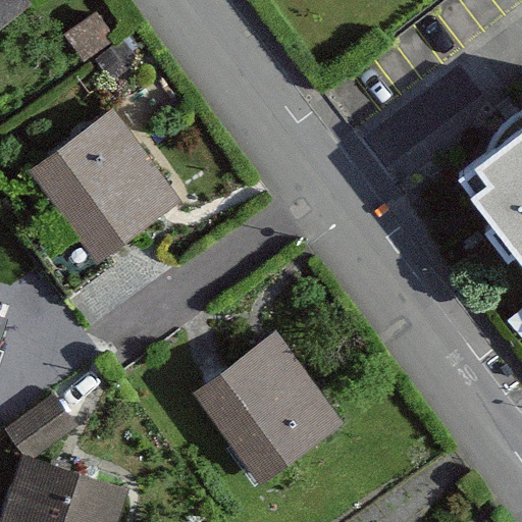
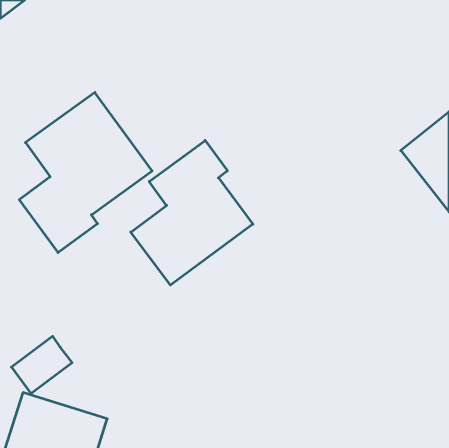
building: none -> [131,140,253,285]
building: [199,334,342,480] -> none

